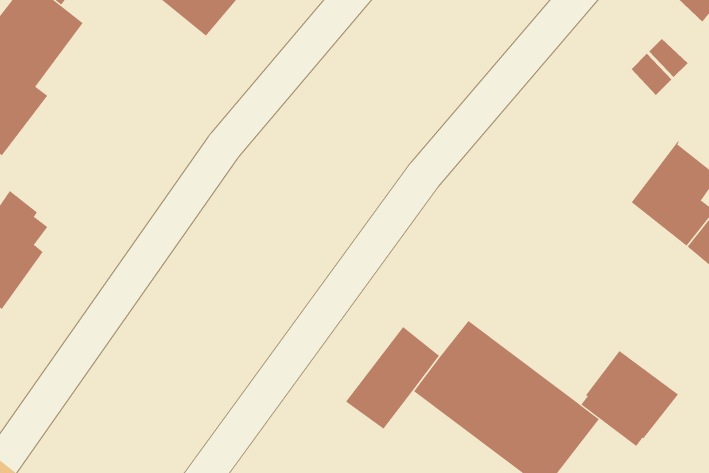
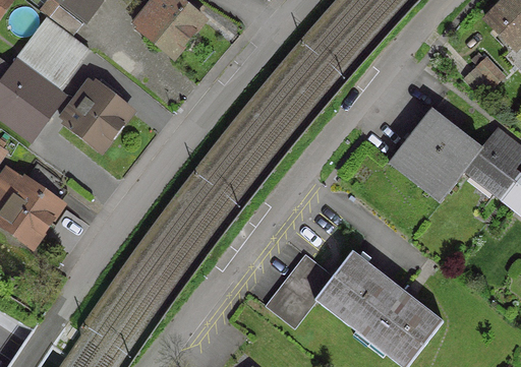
building: none -> [59,78,131,148]
building: none -> [389,109,480,201]
building: [581,350,679,447] -> none

